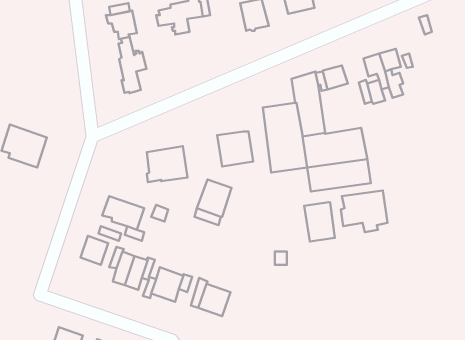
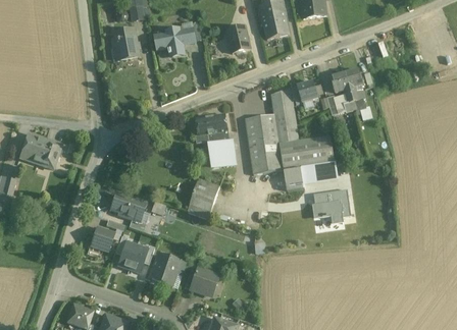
building: [118,37,146,93] -> none
building: [147,146,188,182] -> [194,112,229,143]
building: [304,202,335,241] -> none

